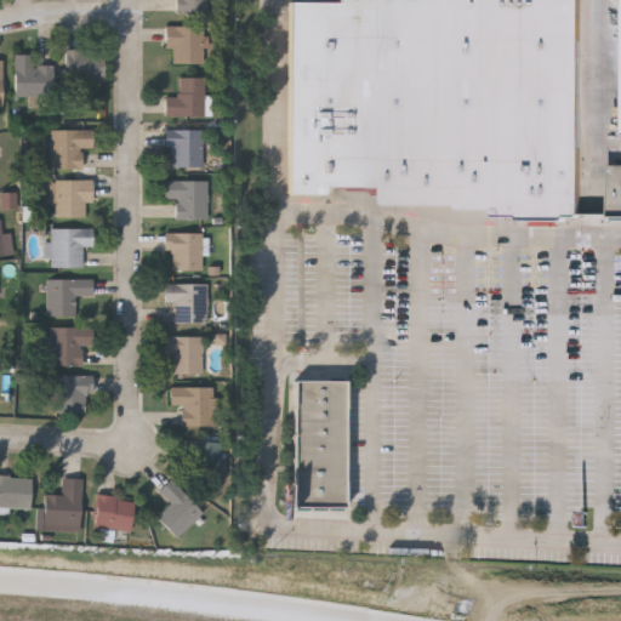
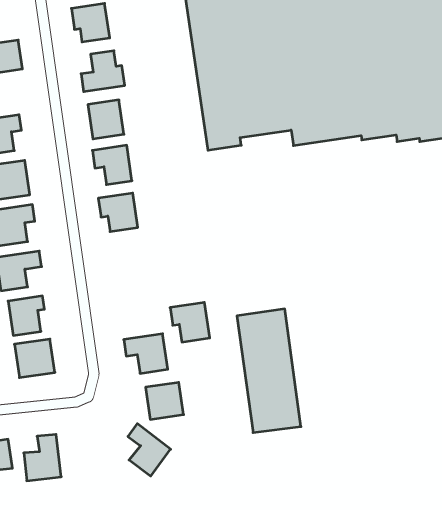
building: [166,283,210,321] -> none
building: [166,335,204,374] -> [170,302,210,342]
building: [93,495,137,532] -> none

